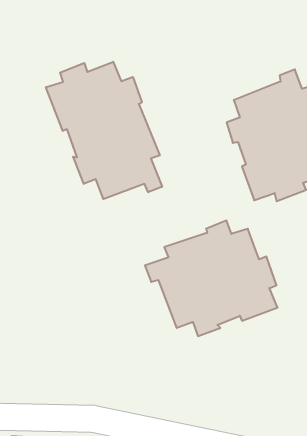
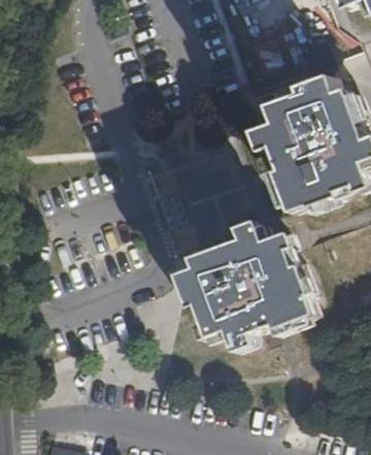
building: [46,62,162,199] -> none

